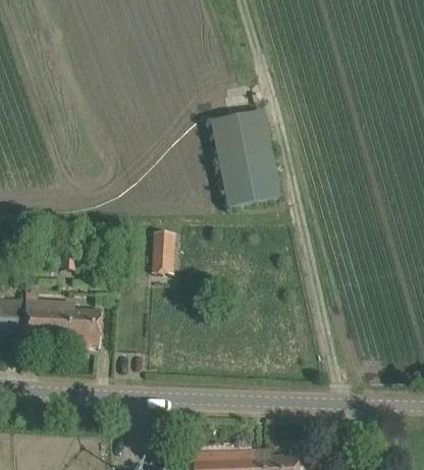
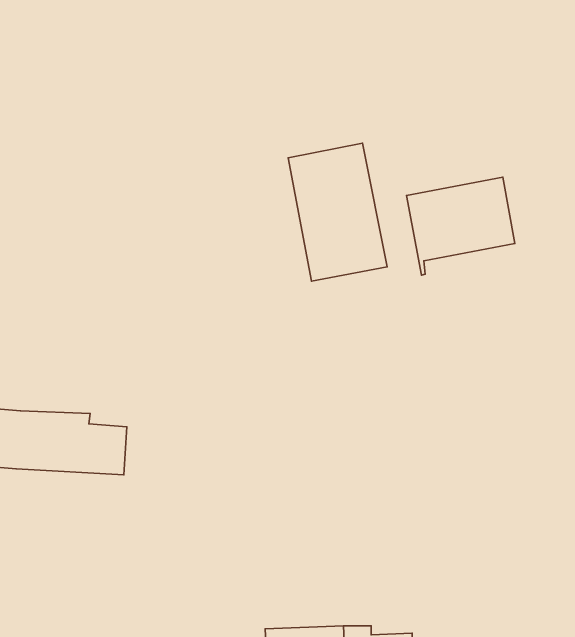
building: none -> [407,177,515,275]
building: [150,229,175,270] -> none

